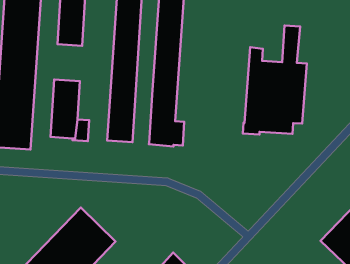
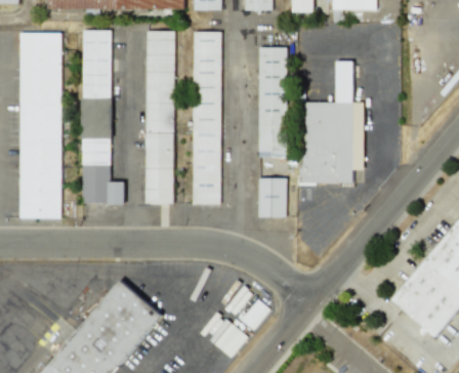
building: none -> [258,48,287,157]
building: none -> [81,98,112,138]
building: none -> [258,177,286,217]

